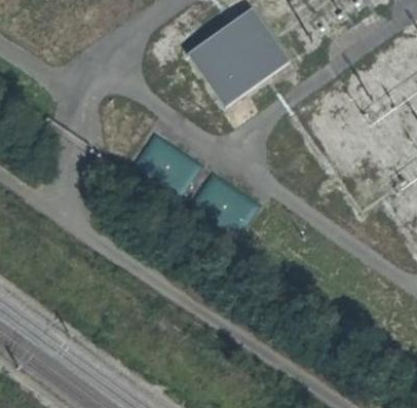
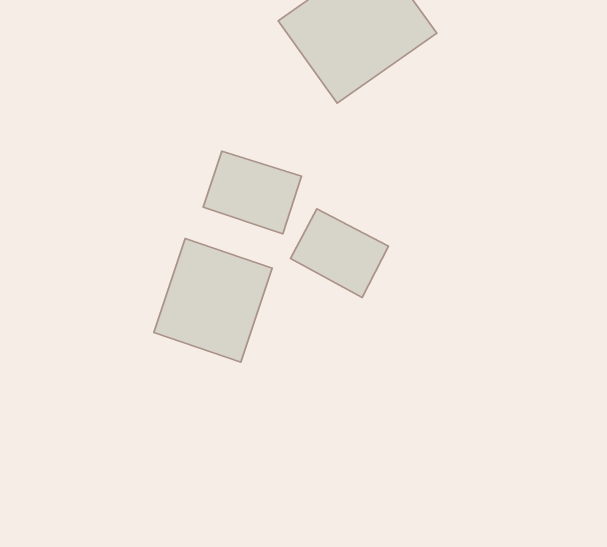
building: none -> [154,238,272,362]

